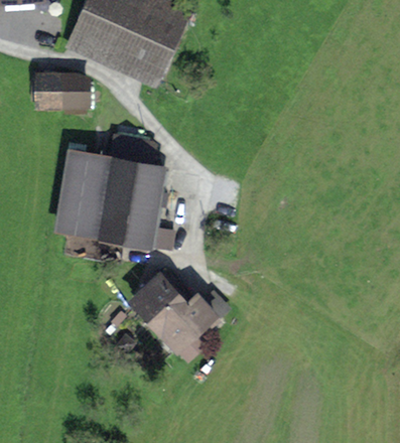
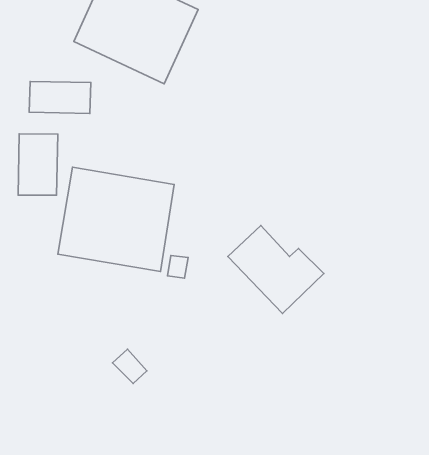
building: none -> [18,134,58,195]
building: [131,277,216,354] -> [228,225,324,314]

